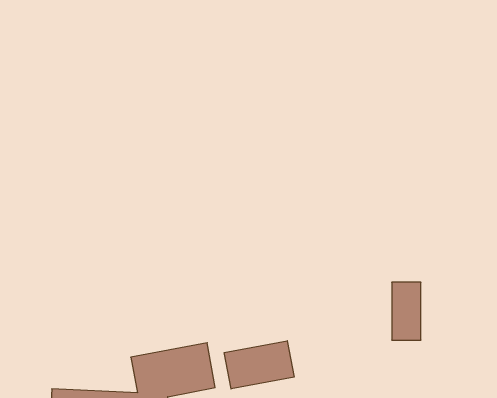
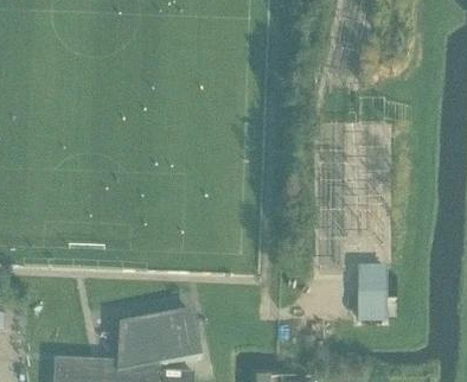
building: [224,341,294,389] -> none

